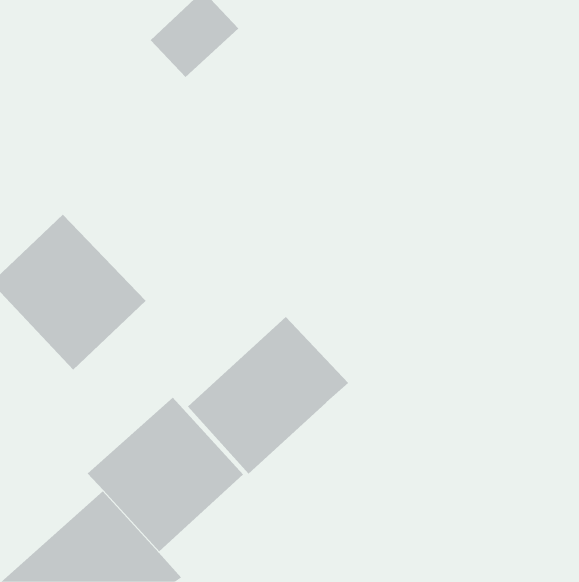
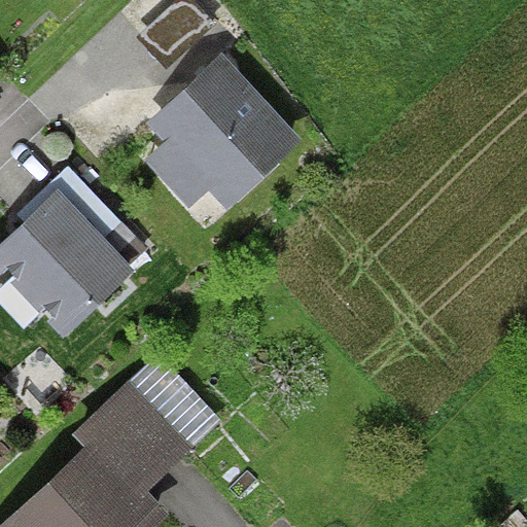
building: none -> [148,56,298,207]
building: [187,316,349,475] -> none

